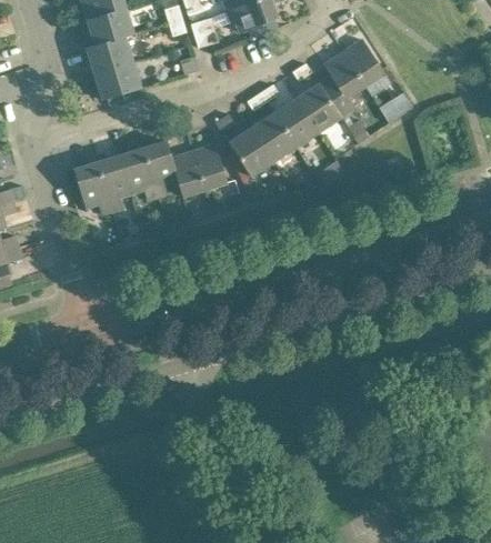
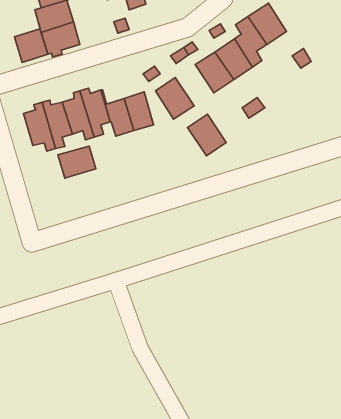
building: none -> [15,29,48,62]
building: [253,112,299,161] -> [188,114,226,156]
building: none -> [58,146,96,178]

